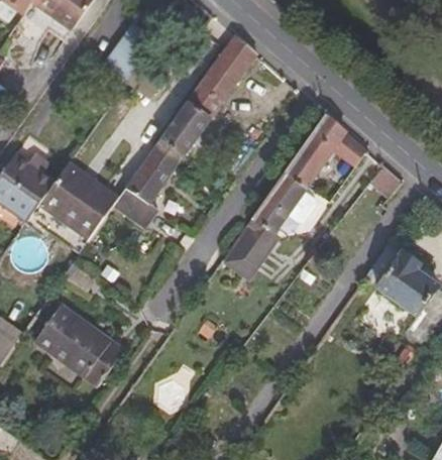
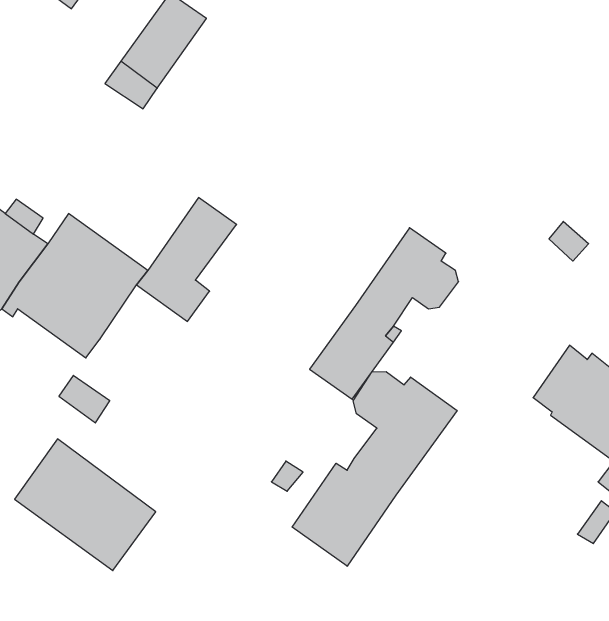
building: [151,34,257,167] -> none
building: [286,114,361,186] -> none
building: none -> [292,372,457,566]

